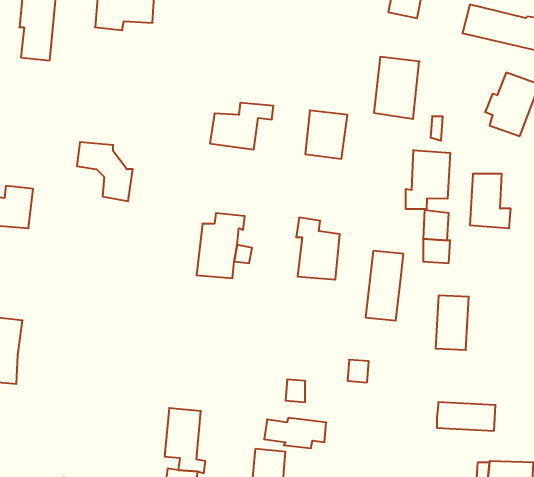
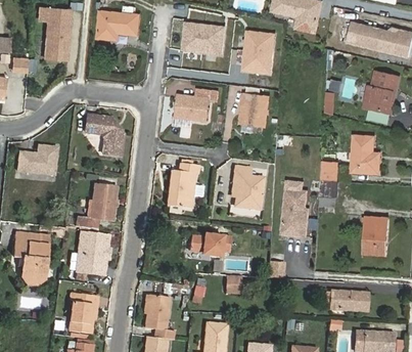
building: none -> [183,23,225,53]
building: [374,57,419,119] -> [243,31,274,73]
building: [406,150,450,209] -> none
building: none -> [76,184,117,228]
building: [436,295,469,350] -> [365,217,387,254]
building: none -> [77,232,109,279]
building: none -> [68,293,98,333]
building: [264,418,326,448] -> [189,234,231,255]

